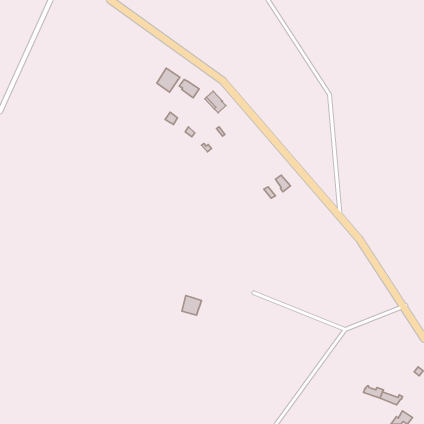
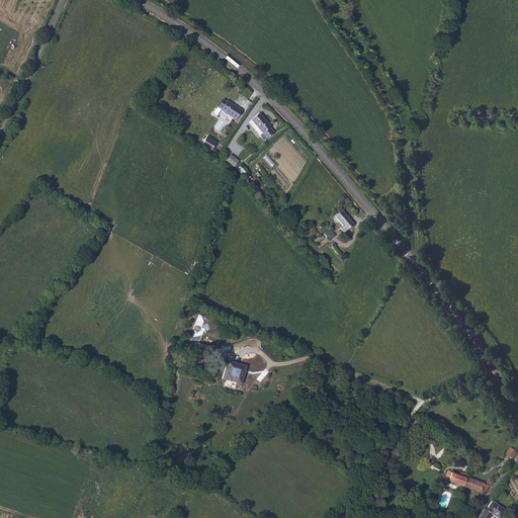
building: [157,68,180,92] -> none

